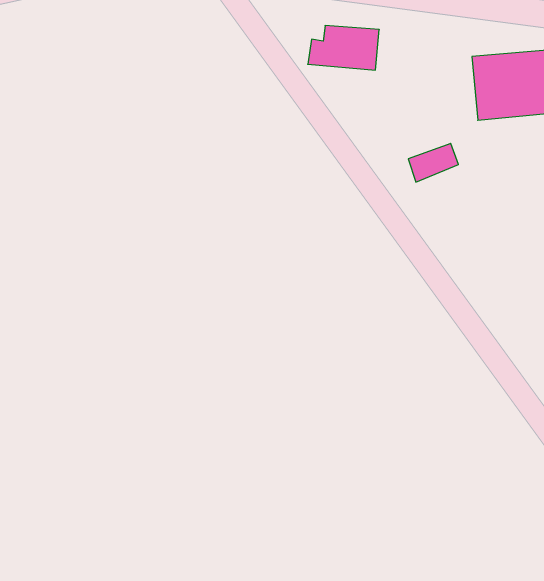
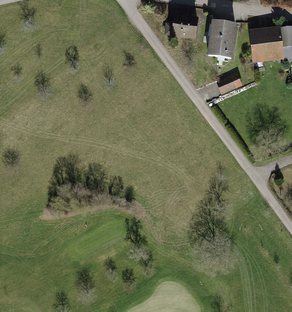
building: none -> [208,24,238,58]

